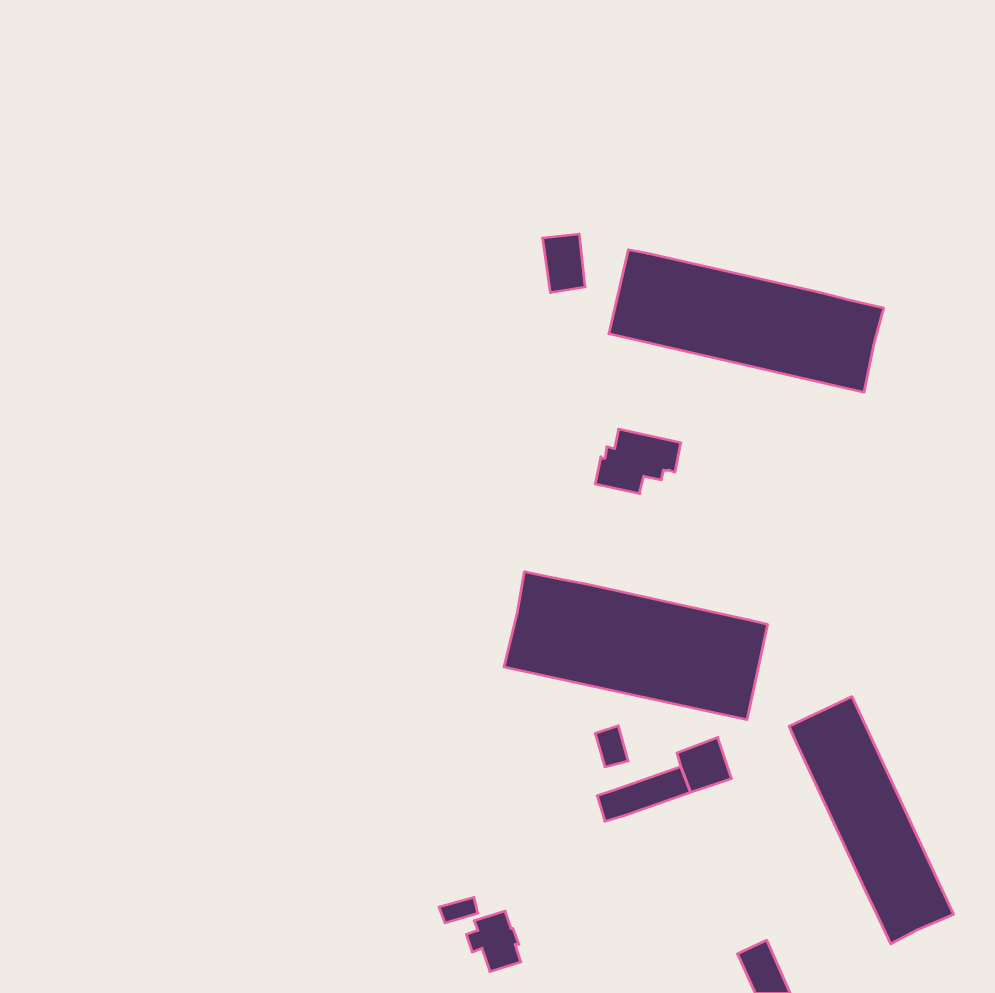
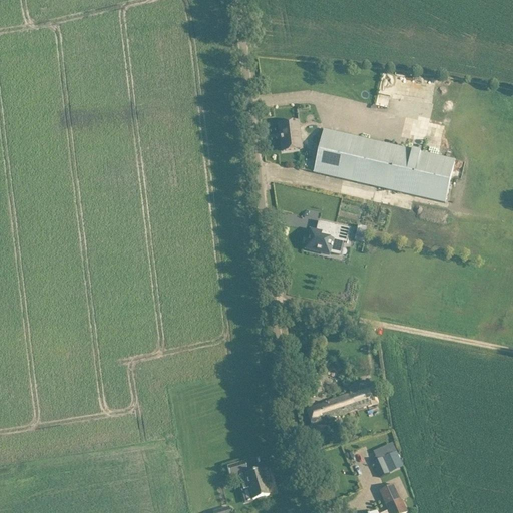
building: [504,572,767,720] -> none
building: [789,697,953,944] -> none
building: none -> [372,451,403,477]

